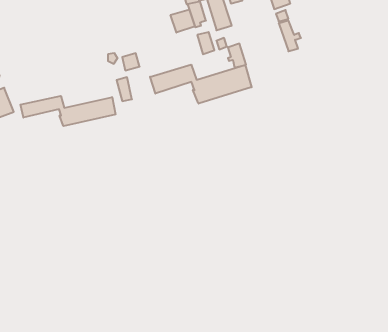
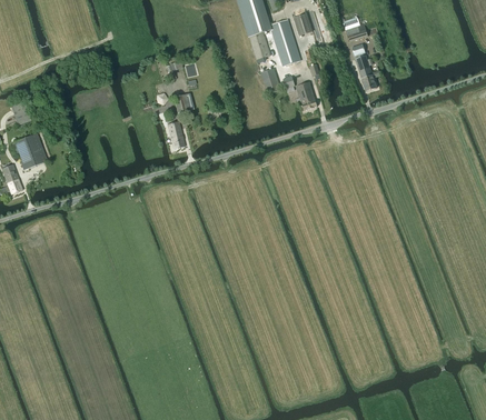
building: [171,9,195,33] -> none
building: [150,65,252,104] -> none
building: [20,96,116,126] -> none

